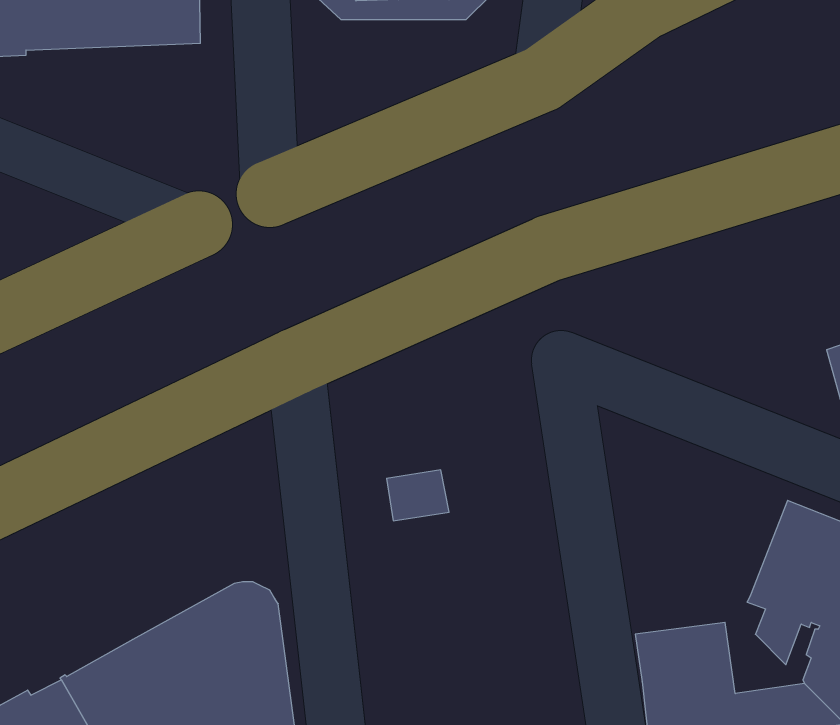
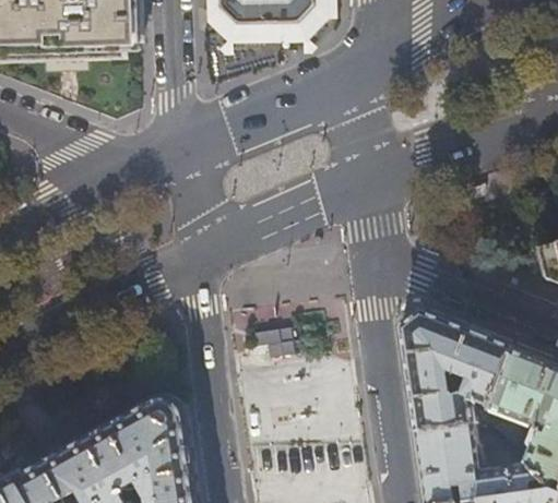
building: none -> [400,310,513,432]

